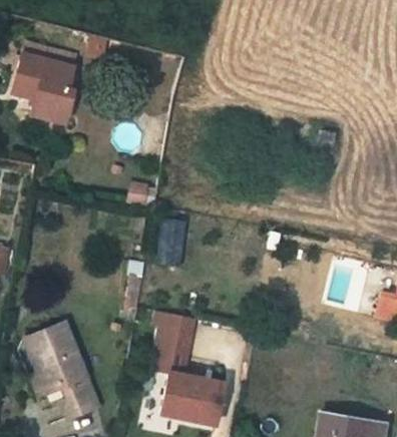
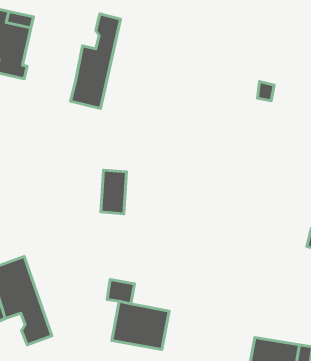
building: none -> [71,14,121,108]
building: [156,311,195,351] -> none

